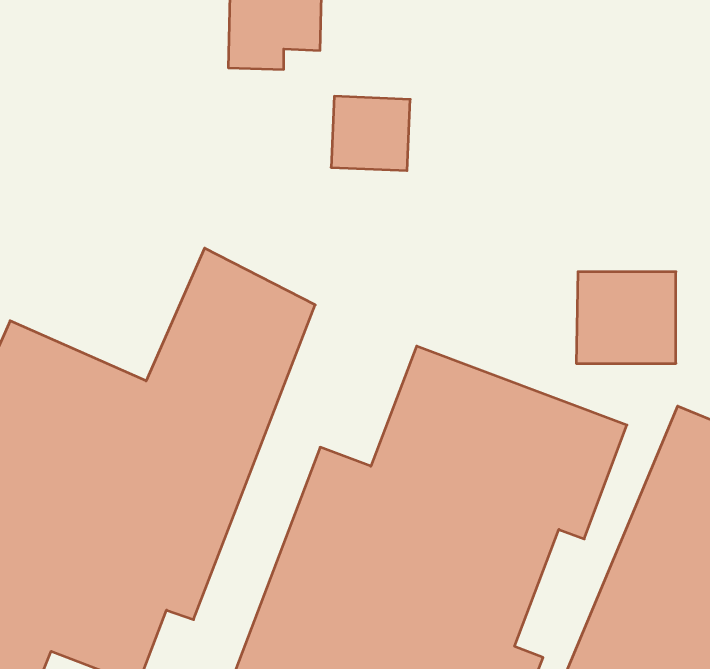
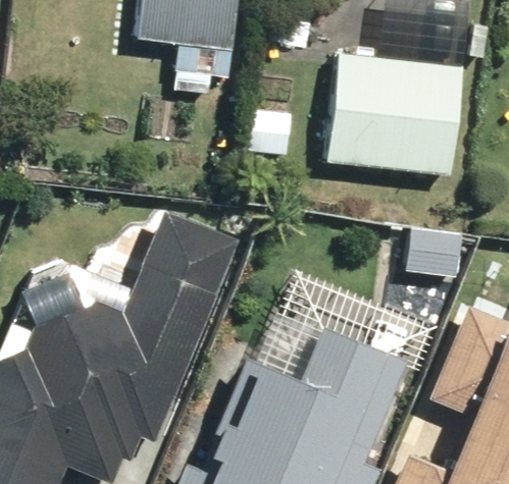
building: none -> [333,64,457,174]

